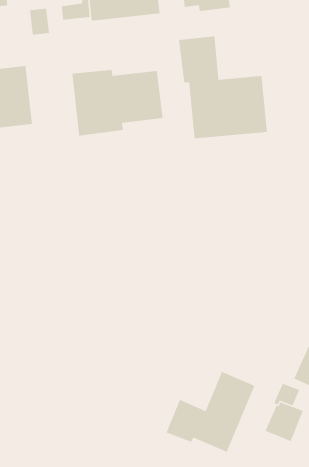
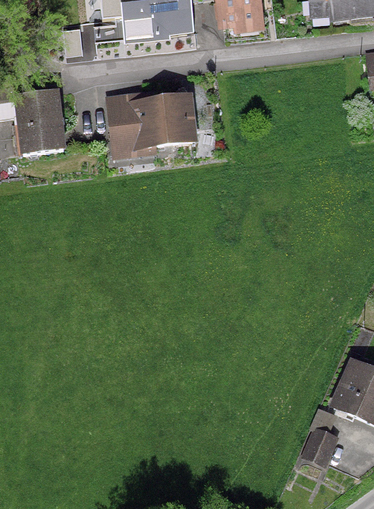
building: [178,36,268,139] -> none
building: [166,371,256,453] -> none

